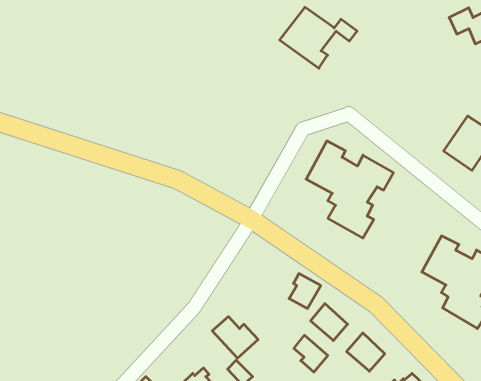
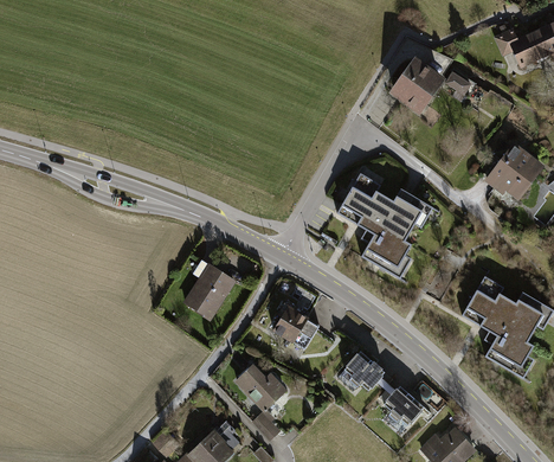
building: [280,7,357,68] -> [389,62,474,128]
building: none -> [181,259,230,319]
building: [289,274,321,308] -> [273,301,308,339]
building: [294,335,328,372] -> none

